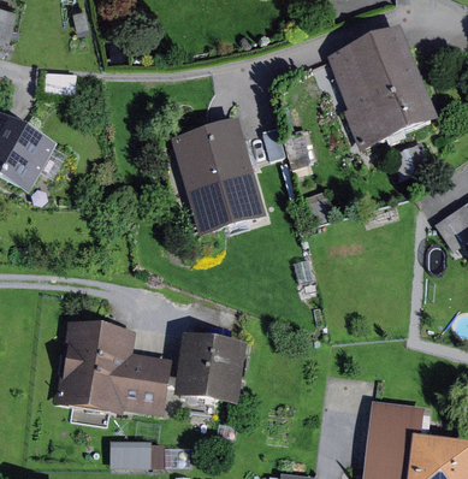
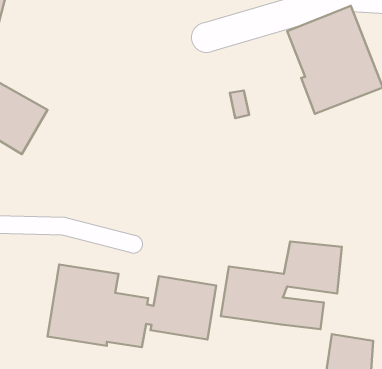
building: [171,118,265,235] -> none
building: none -> [221,242,342,329]

